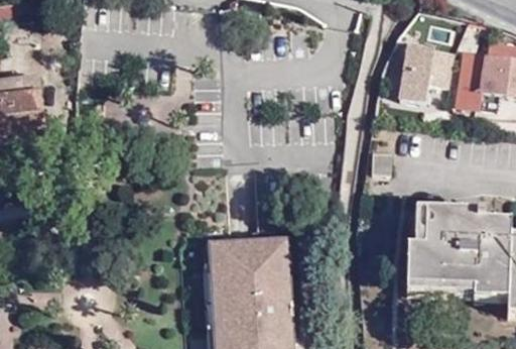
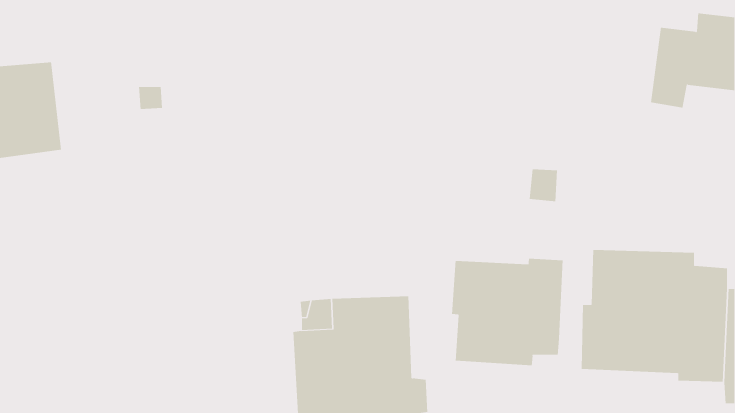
building: [400,44,452,101] -> none
building: none -> [452,258,563,366]

